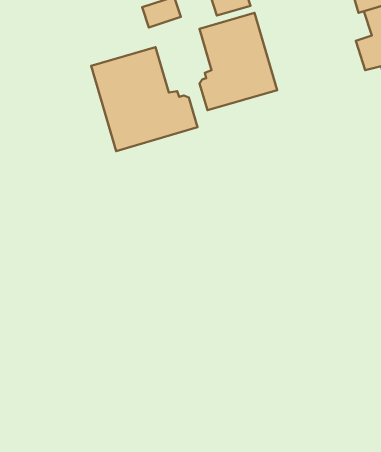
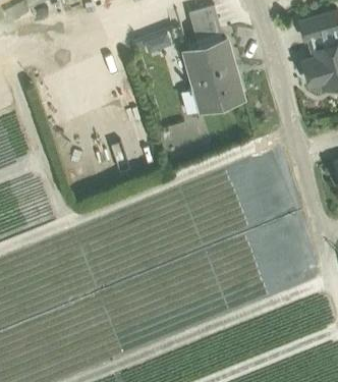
building: [91,47,197,151] -> none

